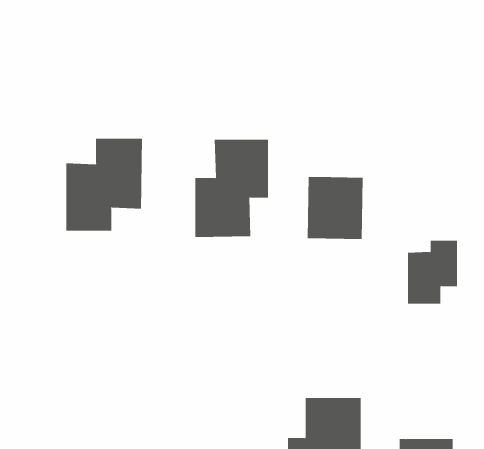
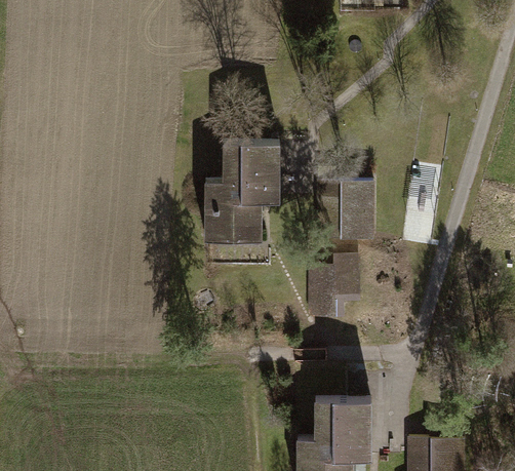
building: [66,138,142,232] -> none
building: [407,240,458,304] -> [309,253,359,317]

